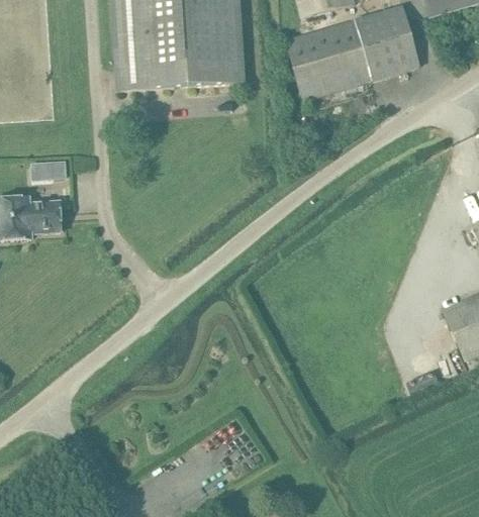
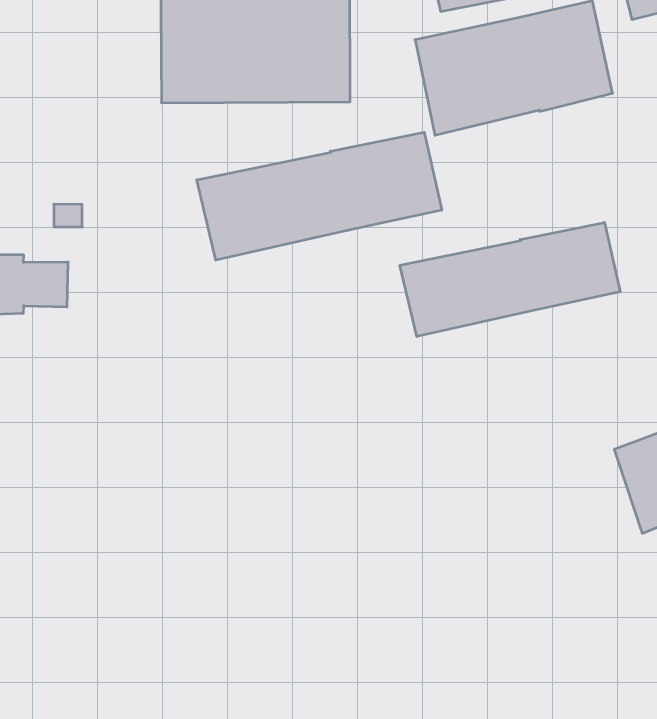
building: none -> [197,132,442,260]
building: none -> [400,222,620,337]

